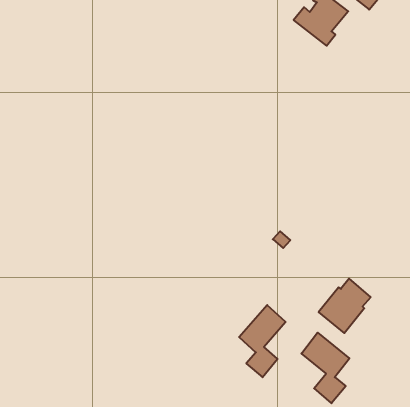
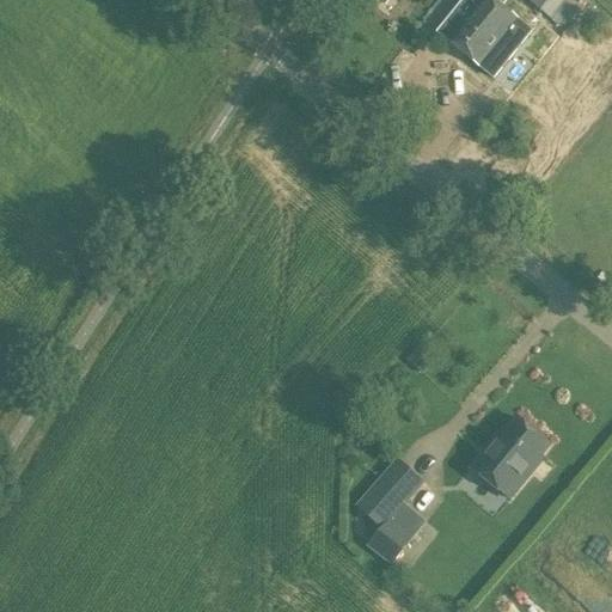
building: [301,333,349,403] -> none

